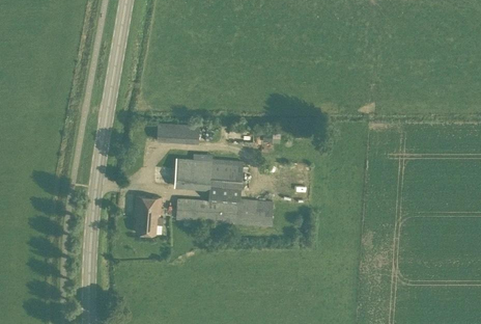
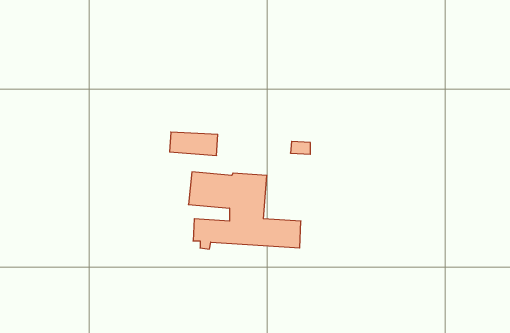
building: [135,195,163,233] -> none

